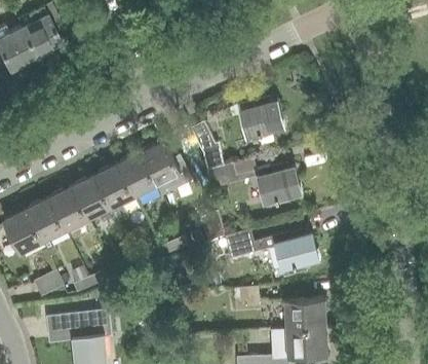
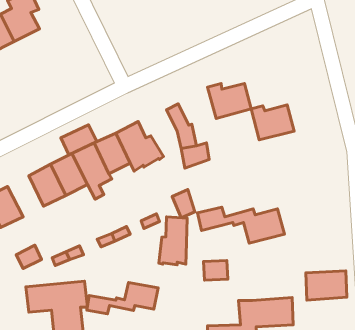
building: none -> [61,125,97,155]
building: [256,168,301,205] -> [251,105,294,140]
building: [27,199,65,243] -> none
building: none -> [159,217,187,265]
building: [283,300,326,331] -> [306,271,347,300]
building: none -> [87,282,158,314]

